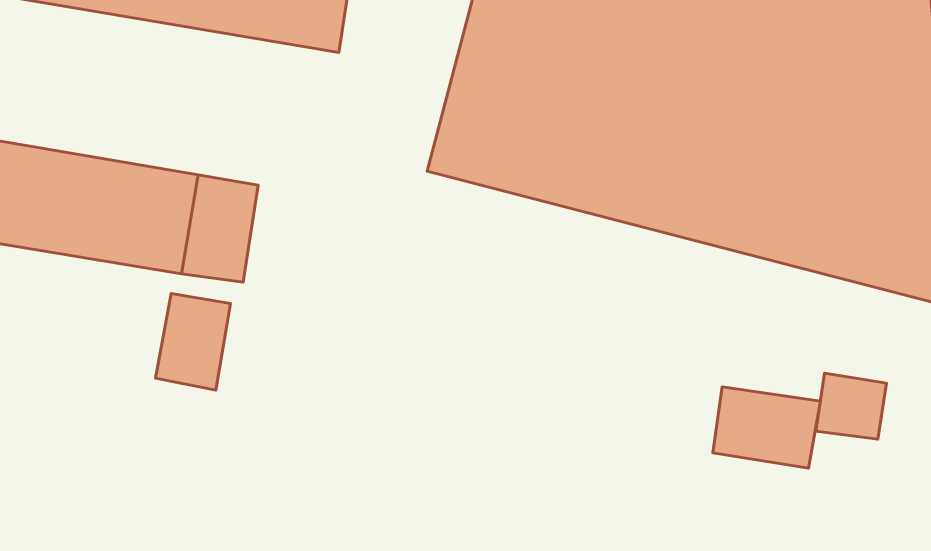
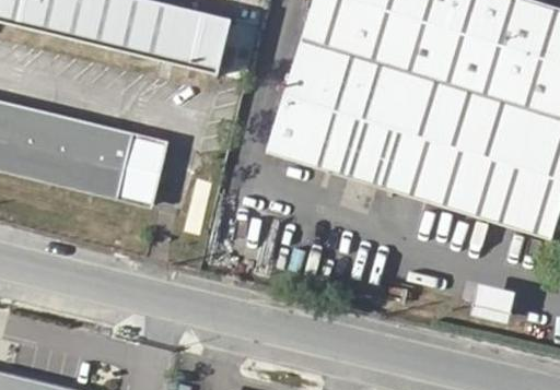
building: [156,294,230,390] -> none
building: [713,387,820,468] -> none

